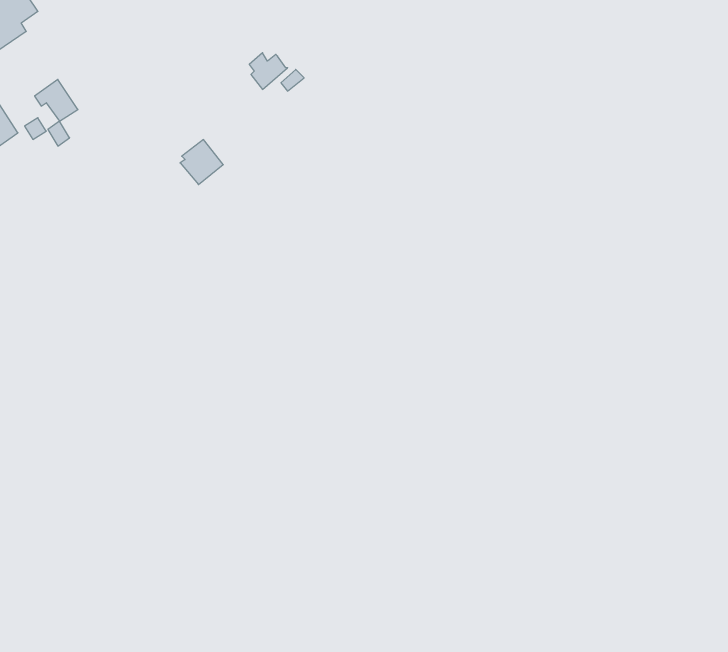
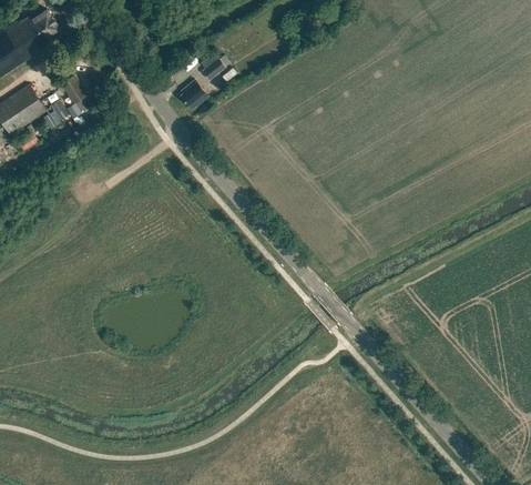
building: [180,140,223,185] -> [181,79,210,109]

